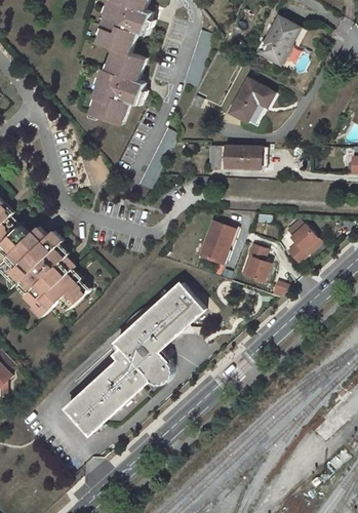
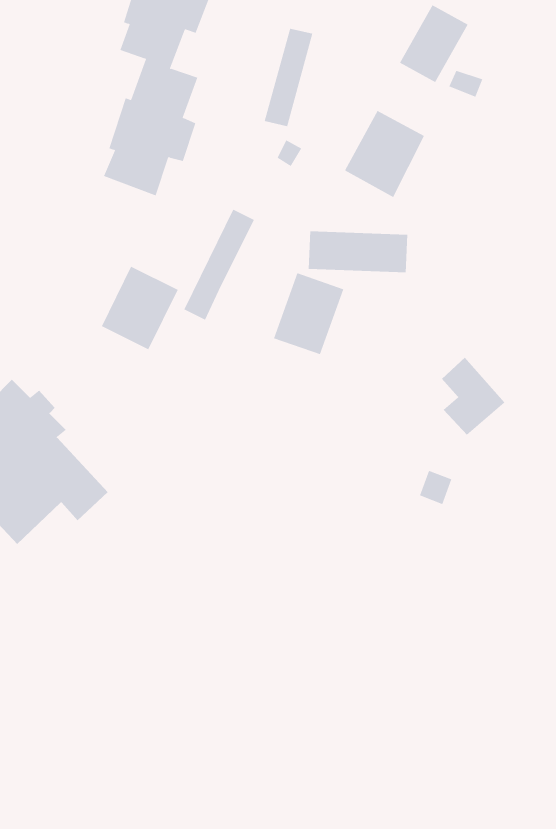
building: none -> [101,266,178,350]
building: [197,221,237,267] -> [273,273,344,355]
building: [242,245,274,281] -> none
building: [65,282,203,434] -> none

